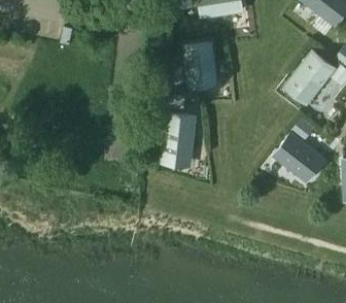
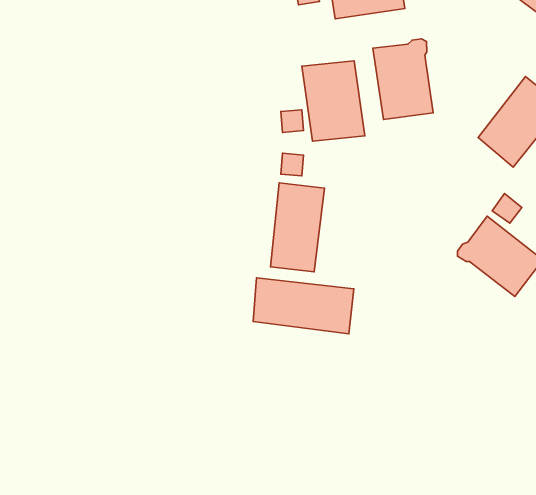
building: none -> [373,39,433,120]
building: none -> [253,278,354,334]

